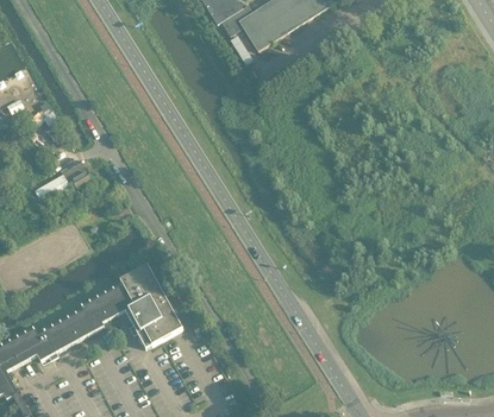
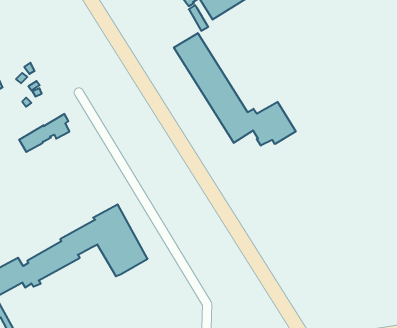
building: none -> [174,33,296,146]

